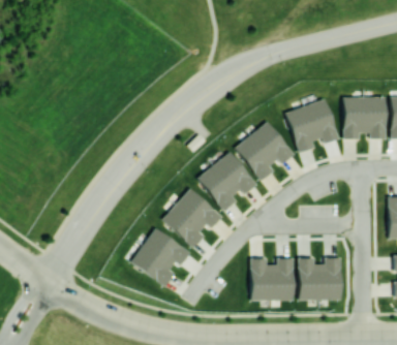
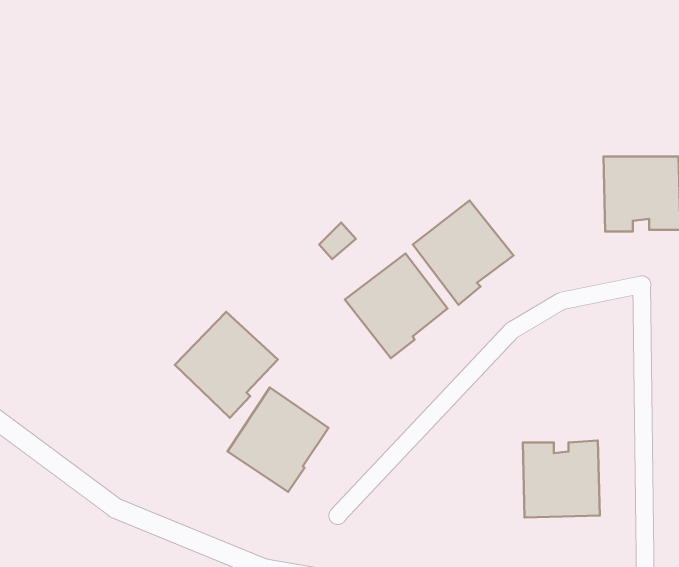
building: [286,99,338,153] -> none
building: [162,188,220,248] -> [175,312,278,418]
building: [250,258,294,301] -> none

